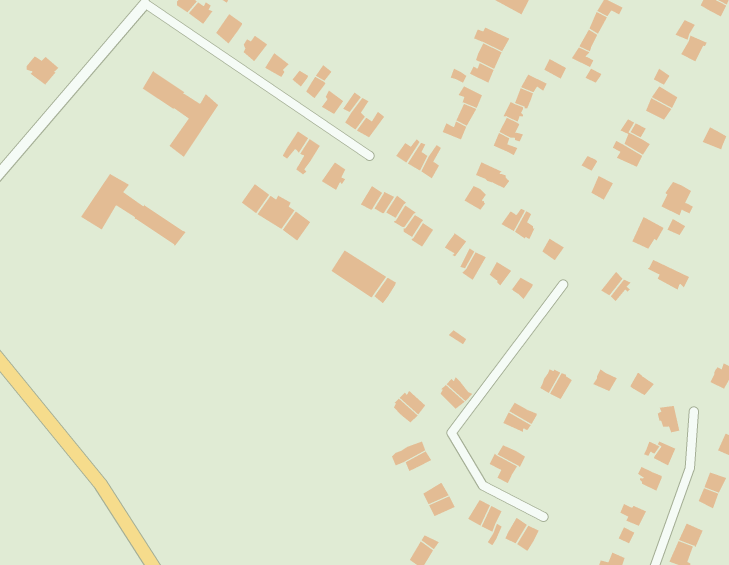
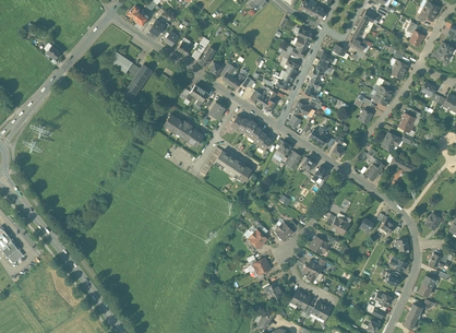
building: [80,173,186,247] -> none

